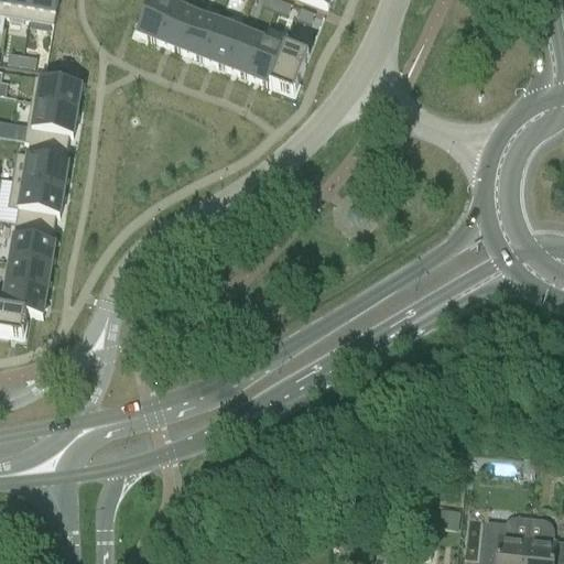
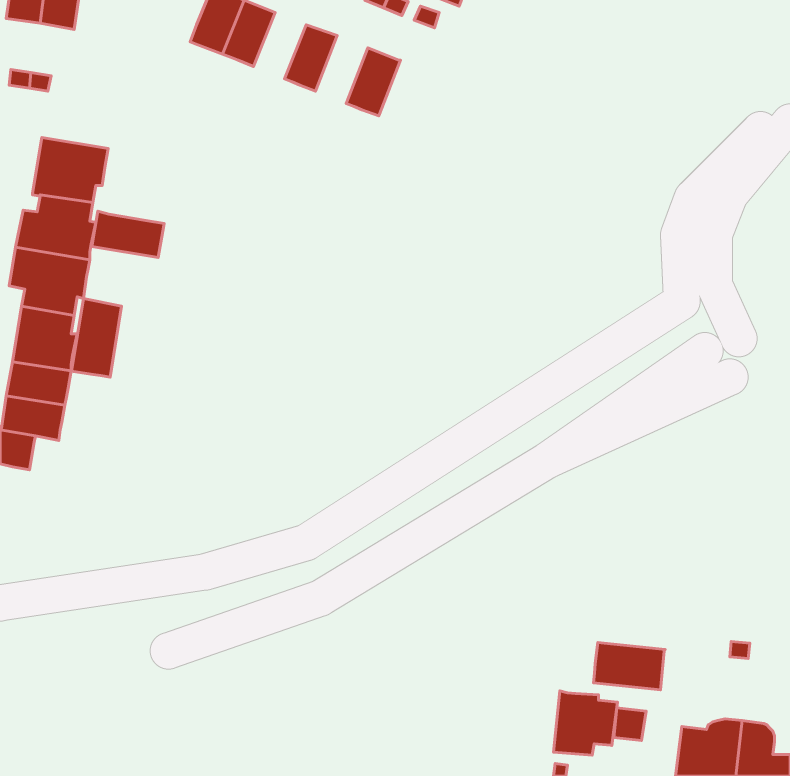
building: [181,9,218,56] -> none
building: [225,25,262,74] -> none
building: [270,33,312,91] -> none
building: [30,73,82,106] -> [92,211,164,257]
building: none -> [71,298,121,377]
building: none -> [593,642,665,690]
building: none -> [553,691,618,755]

